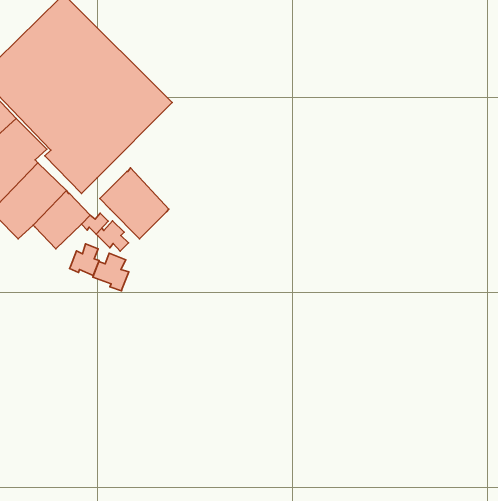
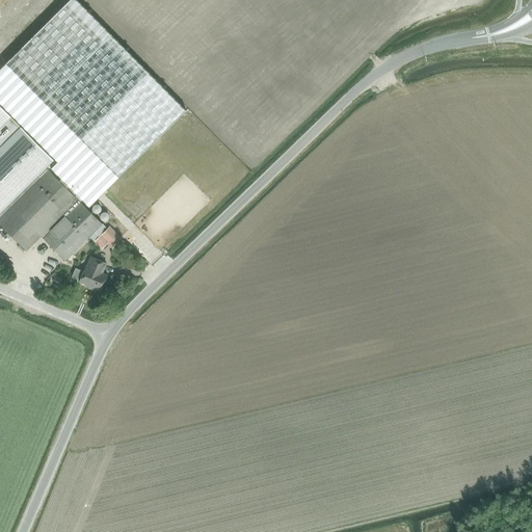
building: [100,168,169,239] -> none
building: [96,221,129,251] -> none
building: [93,253,129,291] -> none

